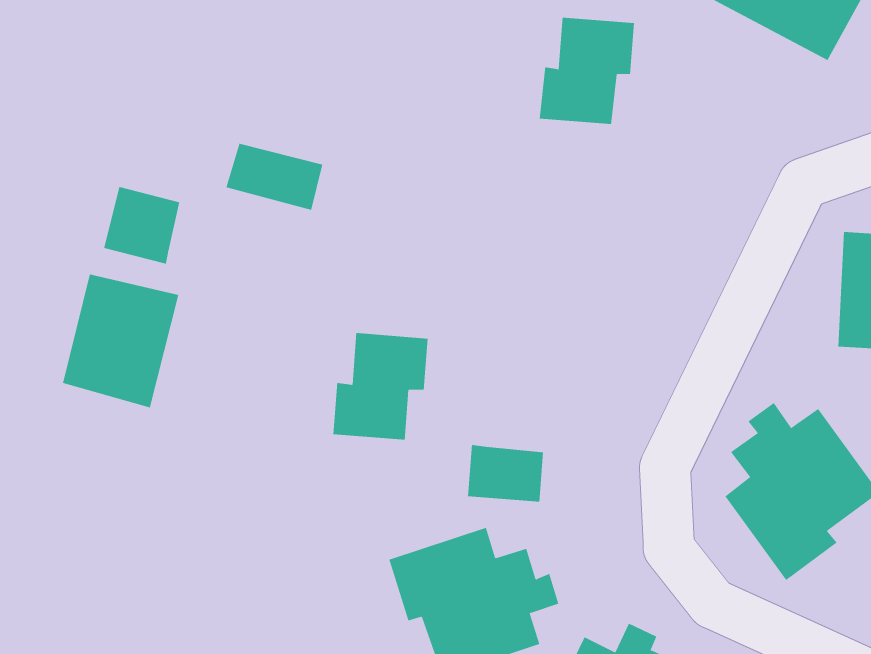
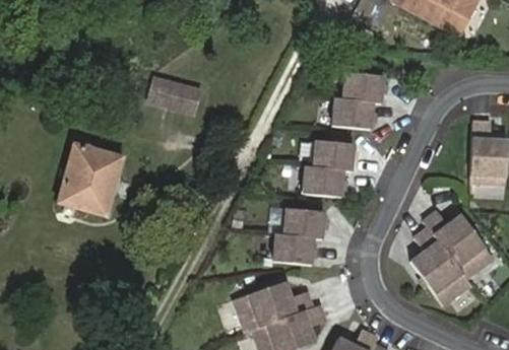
building: [539,17,635,124] -> [332,73,383,130]
building: [103,186,180,265] -> none
building: [333,333,428,440] -> [303,141,354,198]
building: none -> [283,210,324,239]

